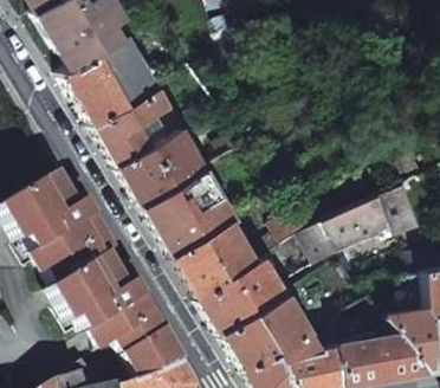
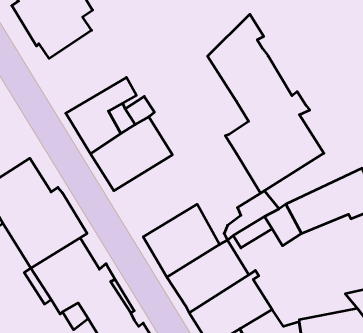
building: none -> [208,14,324,193]
building: [63,32,157,122] -> none
building: [144,166,235,252] -> none

